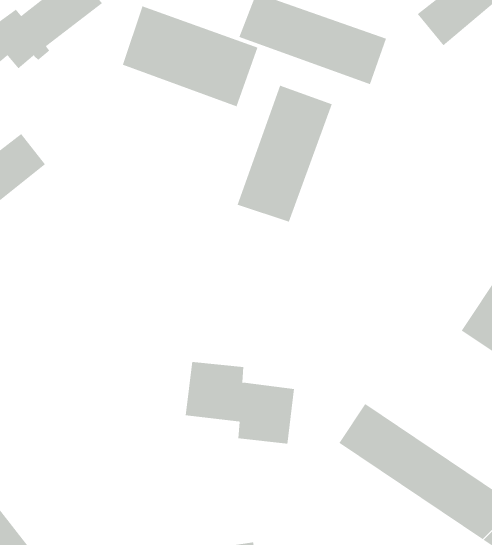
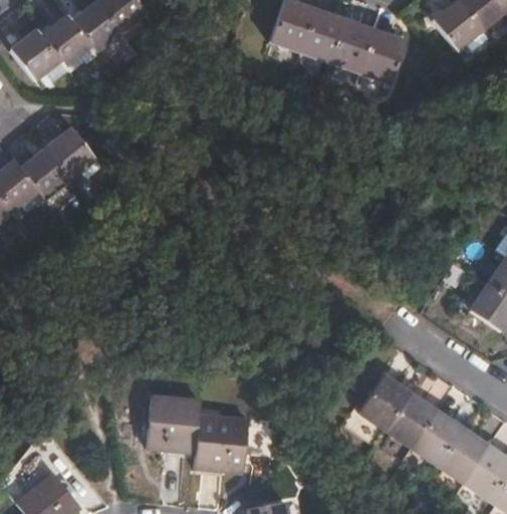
building: [122,6,258,107] -> none
building: [237,85,332,223] -> none
building: [185,361,295,444] -> [147,396,247,471]

